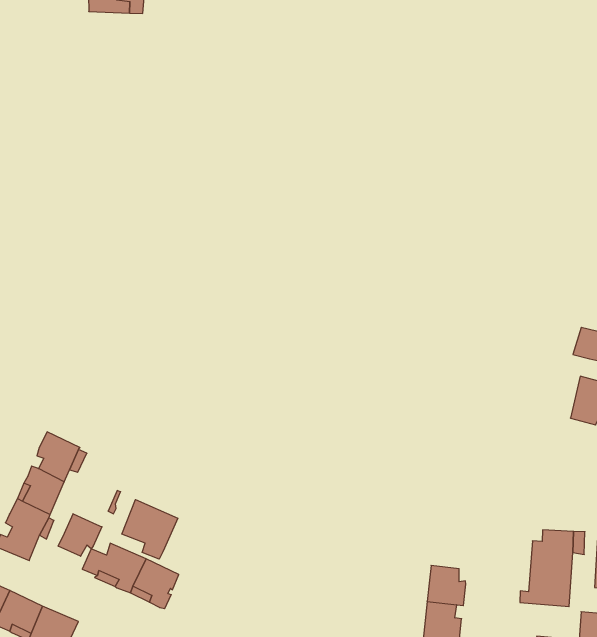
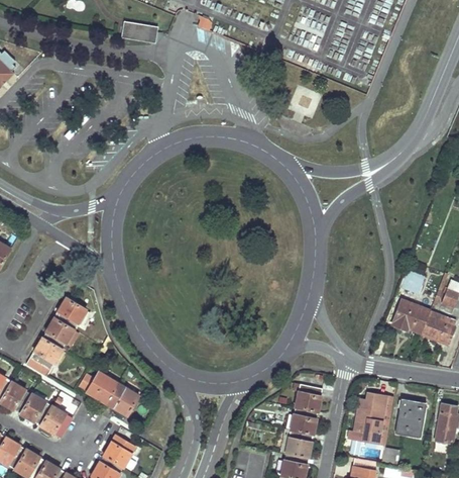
building: [122,500,178,559] -> none
building: [58,514,102,556] -> none
building: none -> [296,383,321,412]

